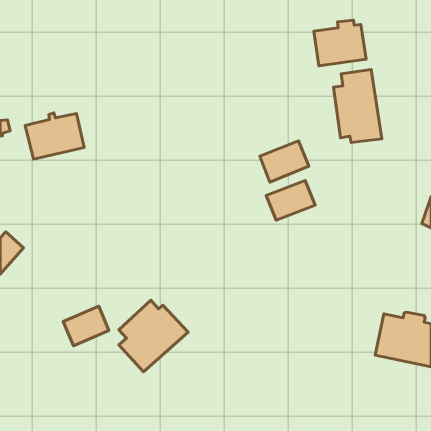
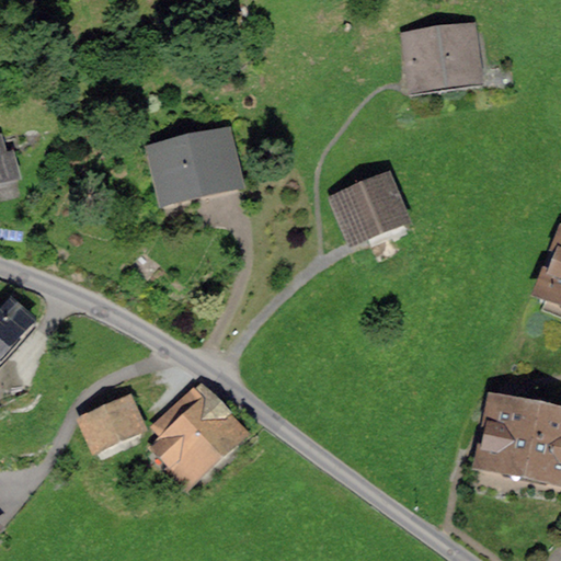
building: [333,70,382,142] -> none
building: [25,113,84,159] -> [156,136,232,196]
building: [266,180,315,220] -> none

